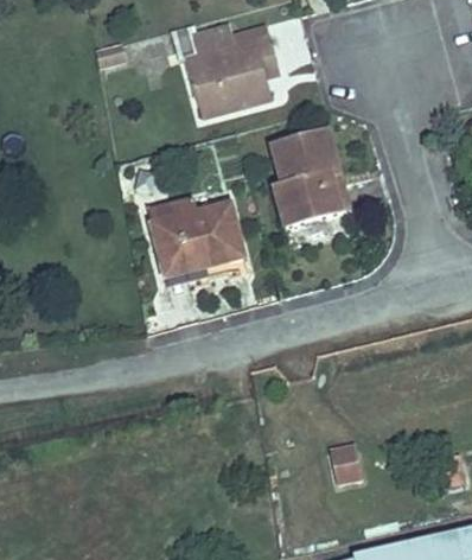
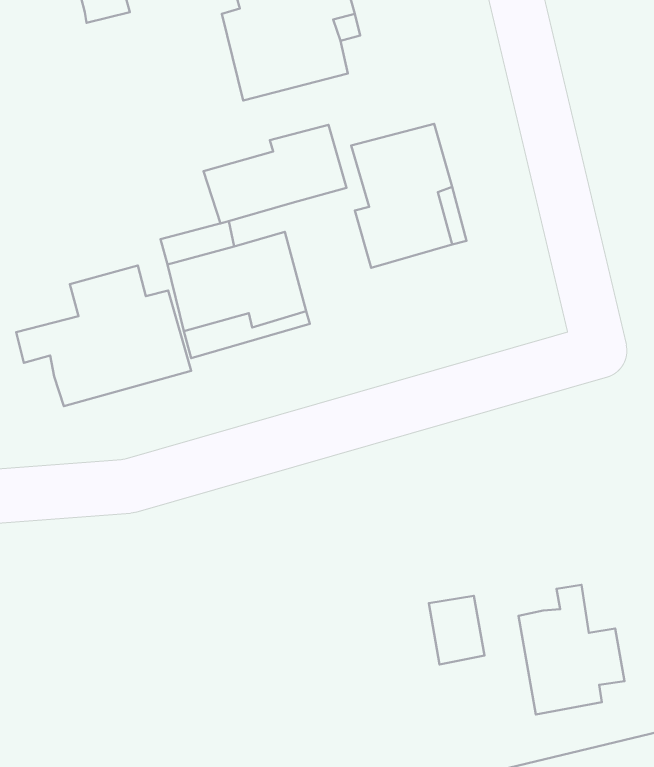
building: none -> [203,125,347,223]
building: none -> [16,265,191,406]
building: none -> [519,585,624,714]

